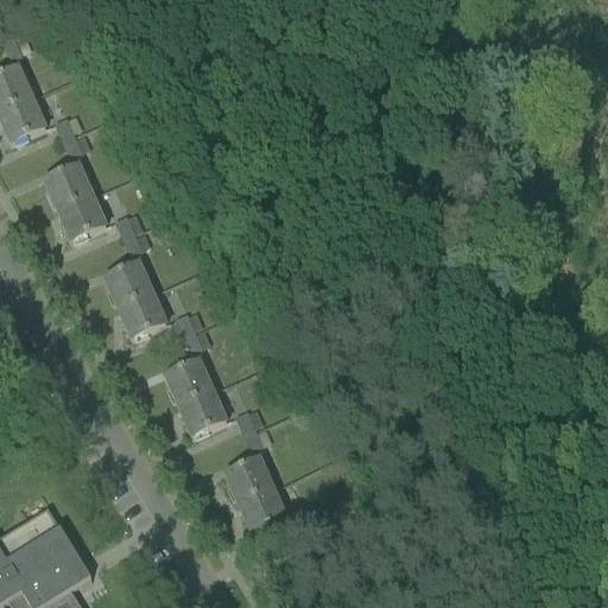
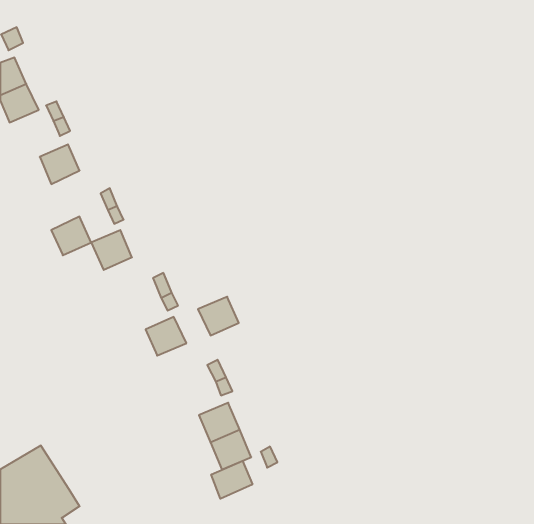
building: [59,194,104,238] -> [51,217,91,255]
building: [119,292,165,337] -> none
building: [179,390,226,433] -> [198,297,239,335]
building: none -> [211,461,252,499]

